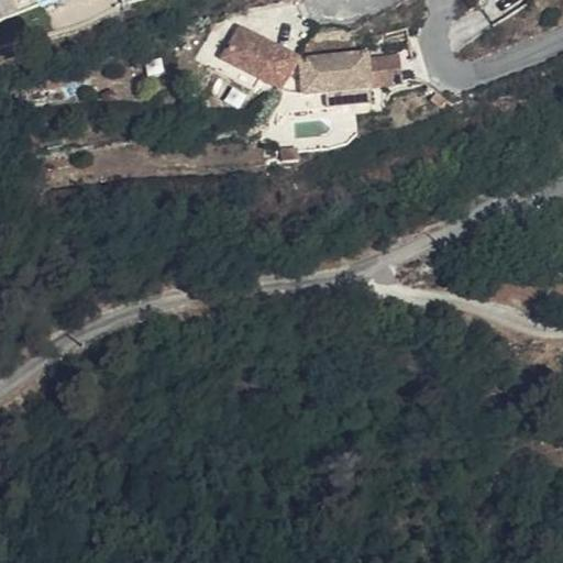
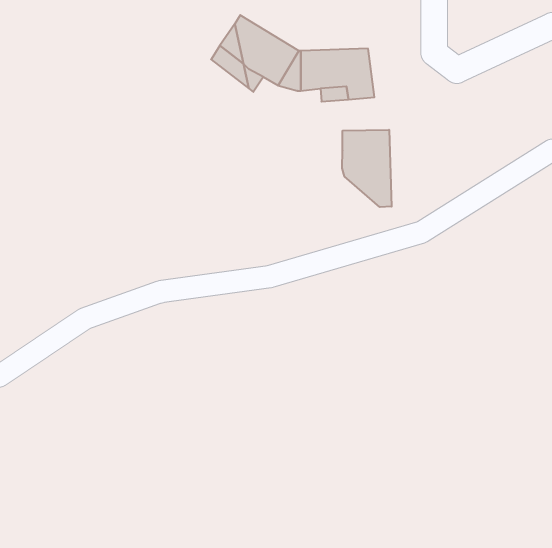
building: none -> [342,130,392,207]

